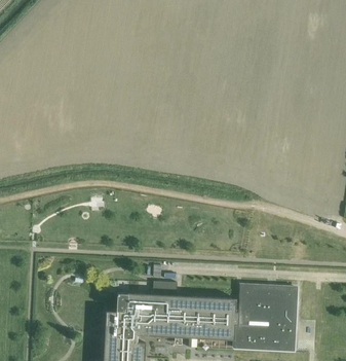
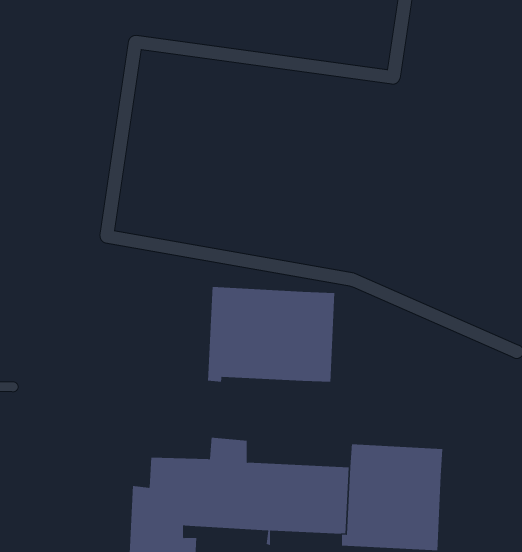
building: none -> [207,286,335,383]

